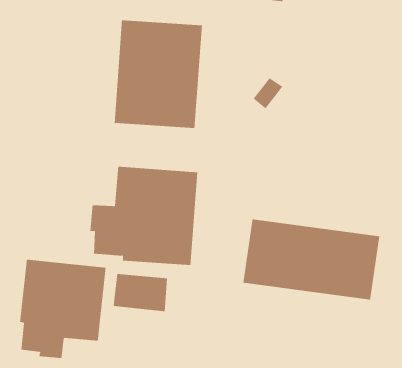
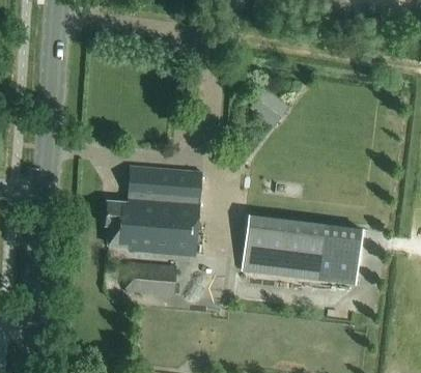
building: [114,19,203,129] -> none
building: [20,259,106,359] -> none

